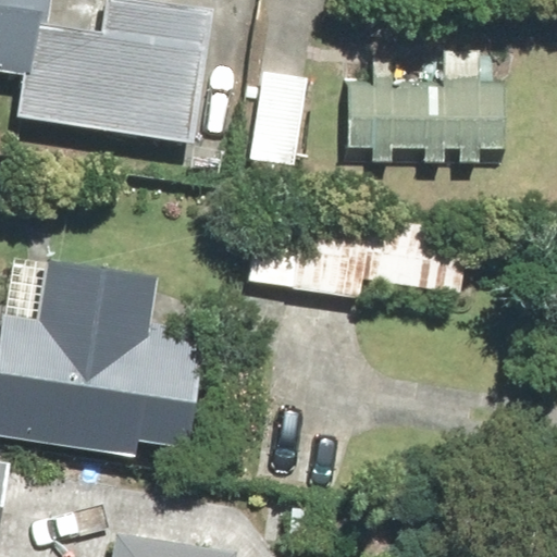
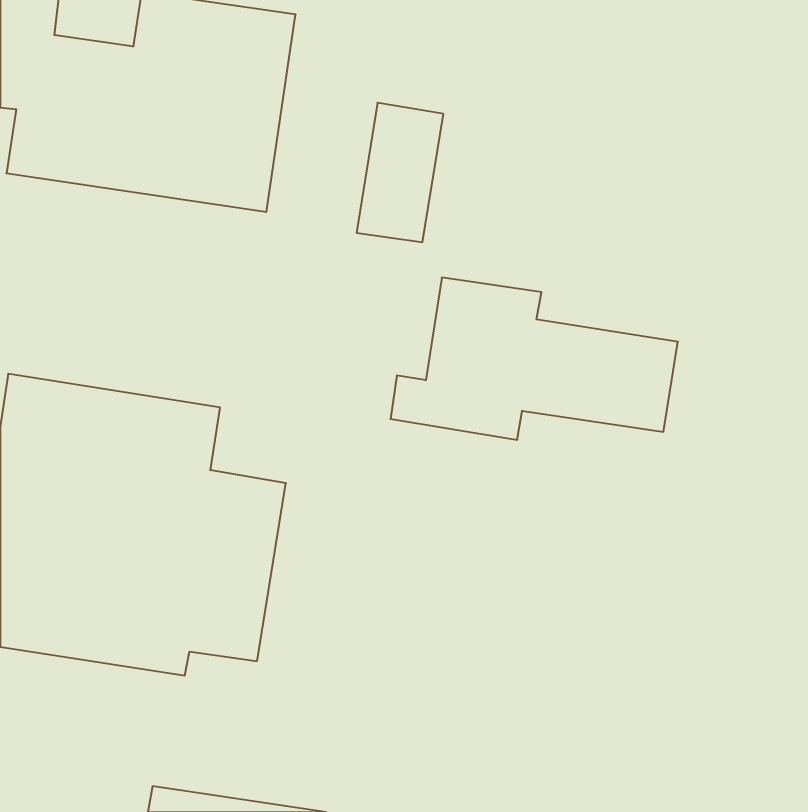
building: [346,49,502,161] -> none

